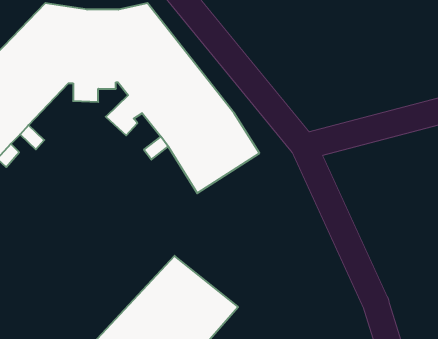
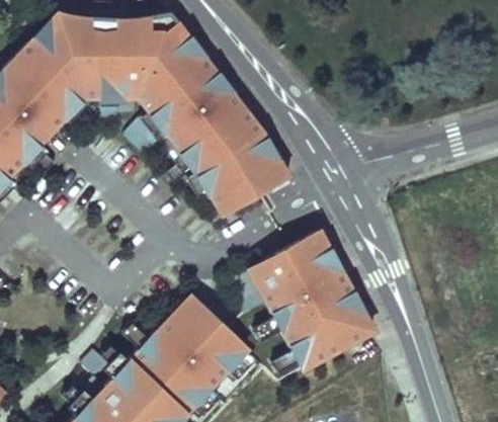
building: none -> [243,227,377,365]

